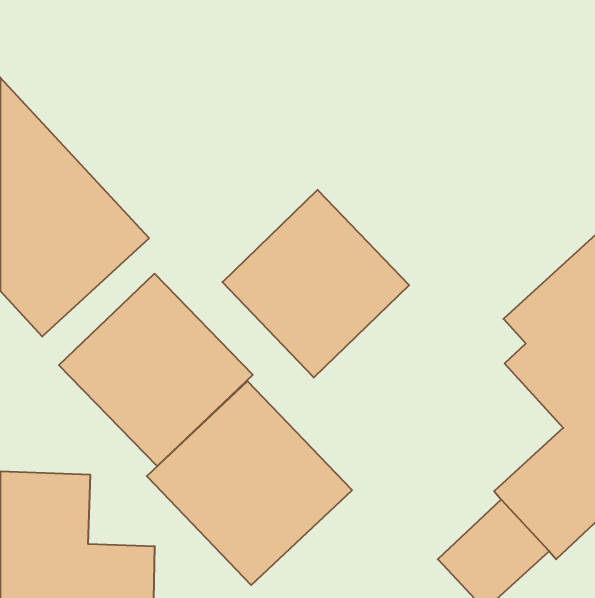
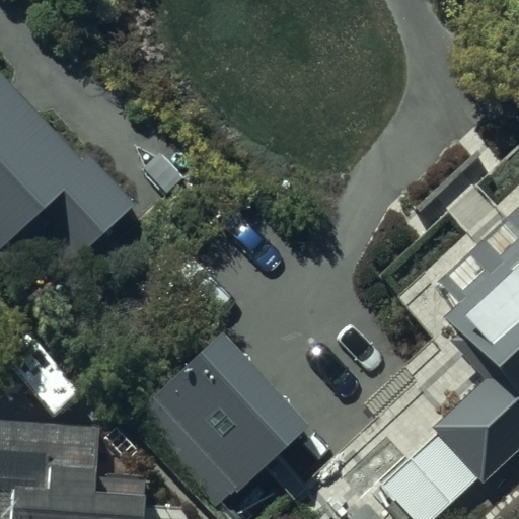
building: [222,190,409,378] -> none
building: [59,274,253,466] -> none

